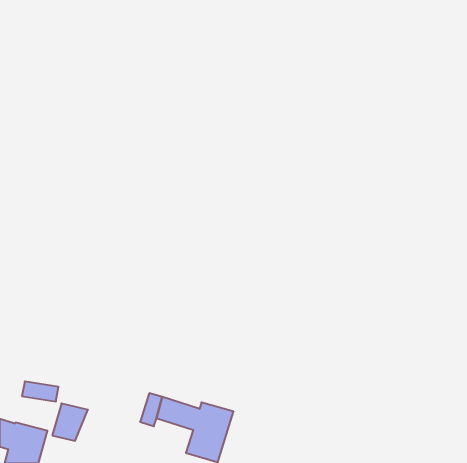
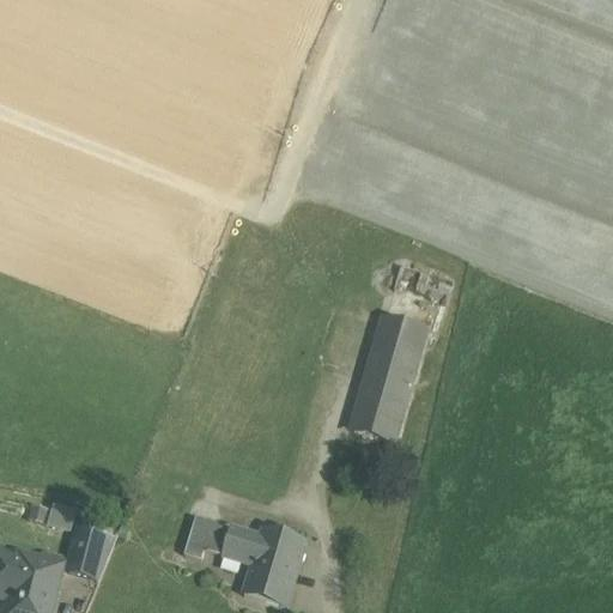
building: none -> [353,316,424,438]

